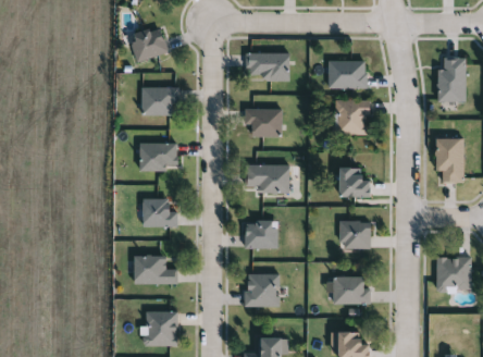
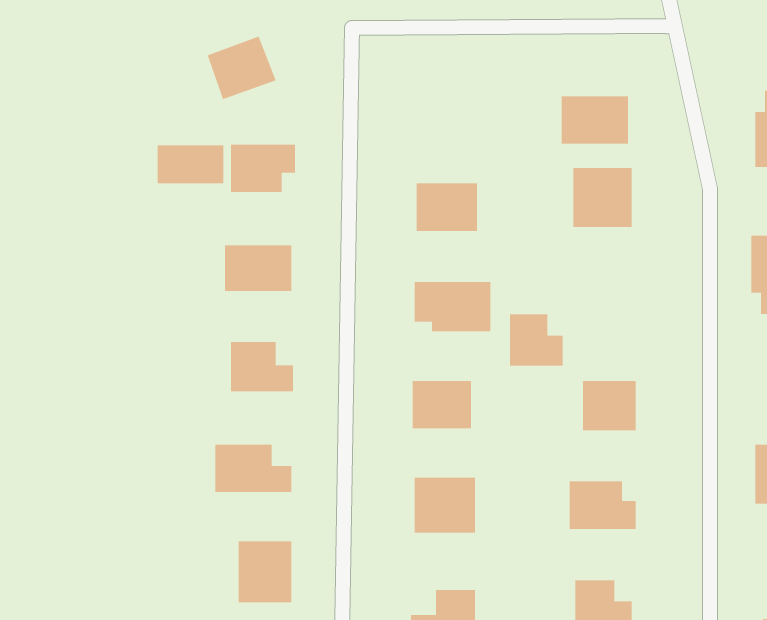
building: [248,52,290,79] -> none
building: none -> [157,145,224,184]
building: [338,168,369,197] -> [509,314,564,366]

